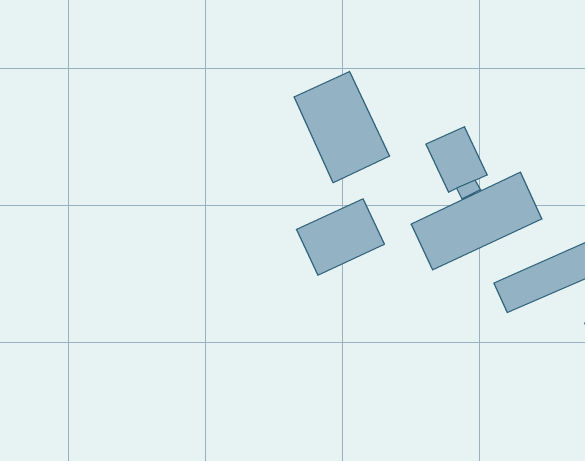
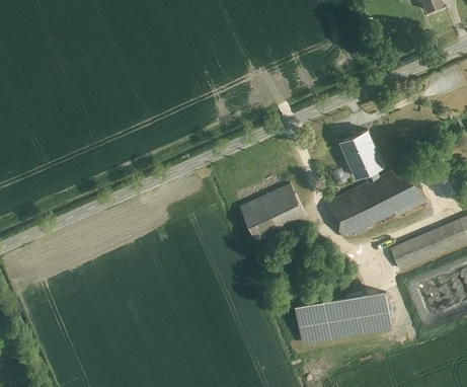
building: [294,71,389,183] -> none
building: none -> [296,290,391,346]

